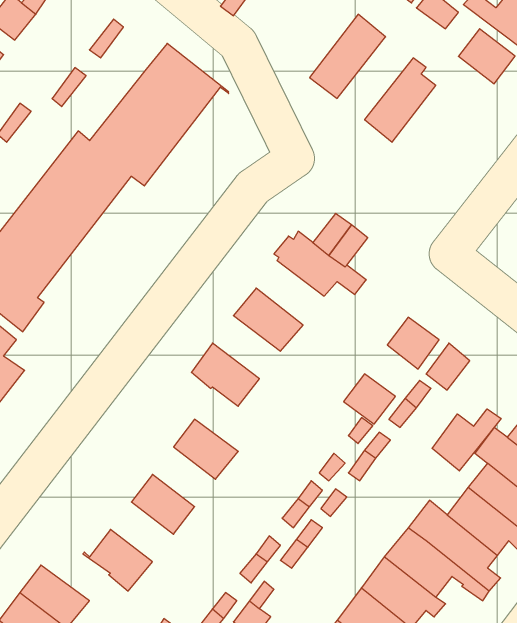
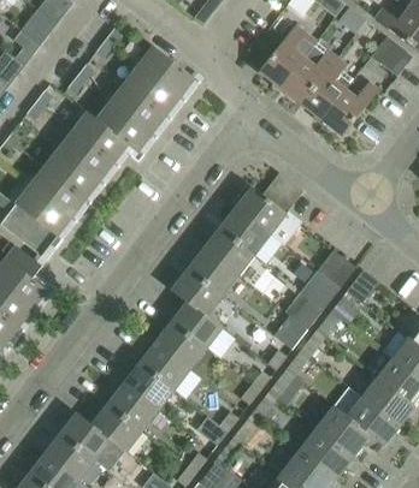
building: none -> [281,41,337,102]
building: none -> [321,81,379,135]
building: none -> [220,207,271,255]
building: none -> [188,248,238,294]
building: none -> [301,269,341,308]
building: none -> [175,300,223,349]
building: [432,409,501,471] -> none
building: none -> [143,345,190,389]
building: none -> [112,386,159,430]
building: none -> [60,411,112,459]

